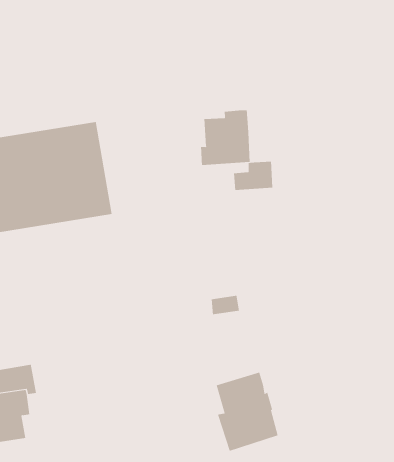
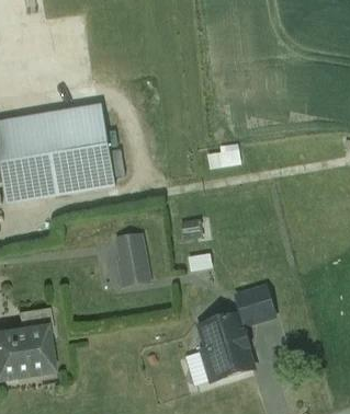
building: [201,110,250,166] -> none
building: none -> [117,234,147,283]
building: none -> [237,286,274,324]

